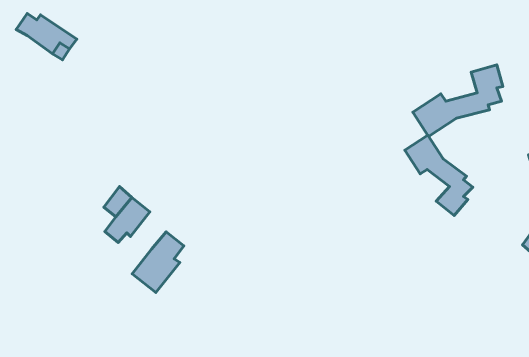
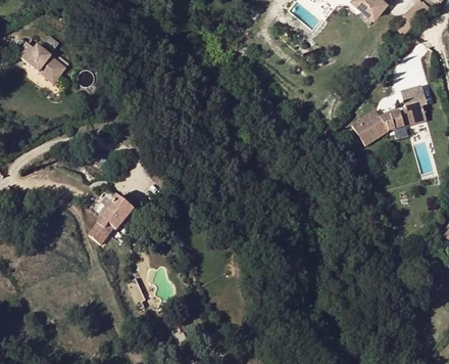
building: [405,135,473,215] -> none
building: [132,232,184,293] -> none

